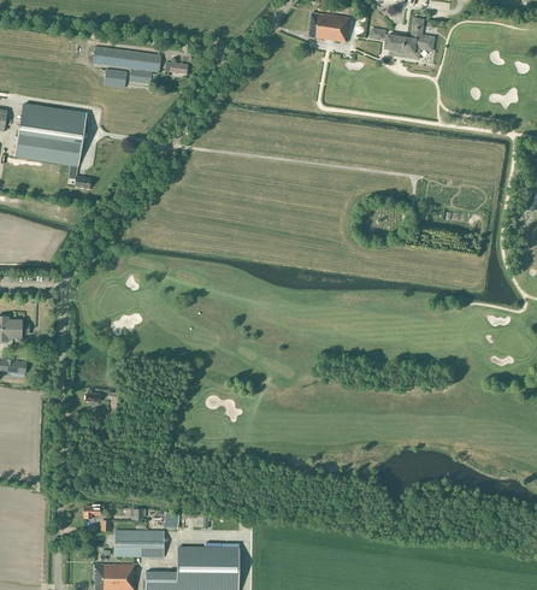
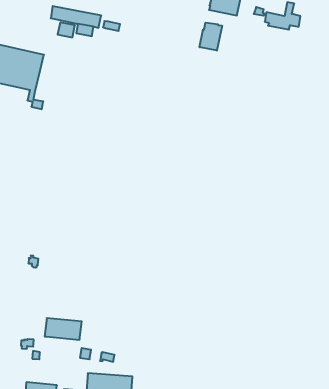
building: none -> [200,23,222,51]
building: [114,531,164,557] -> [45,318,82,340]

